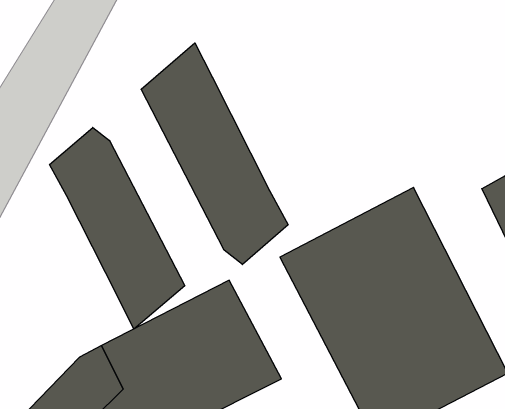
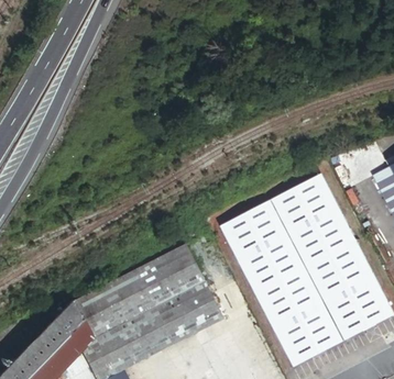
building: [141,43,288,265] -> none
building: [50,127,185,329] -> none

